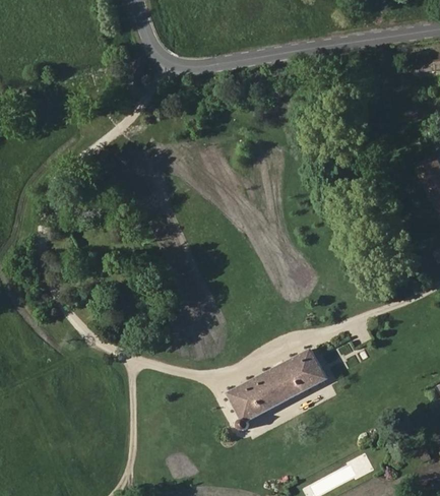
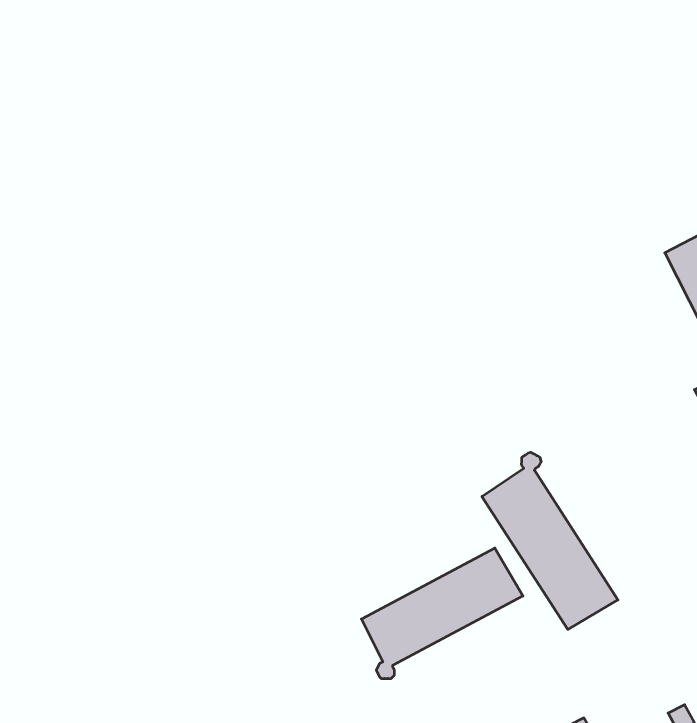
building: none -> [482,452,618,629]

